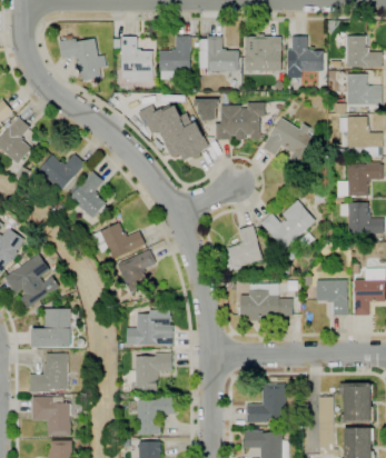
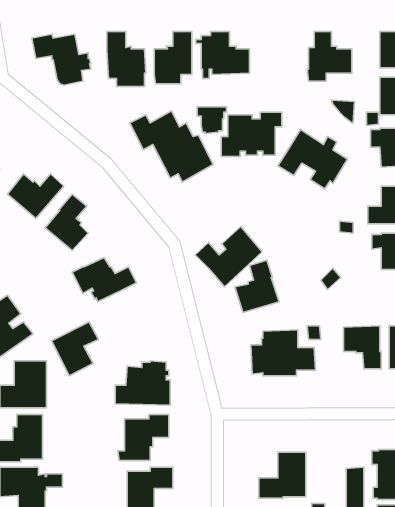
building: [245,37,280,71] -> none
building: [259,200,315,250] -> [195,226,262,287]
building: [117,249,156,293] -> [52,322,99,376]

